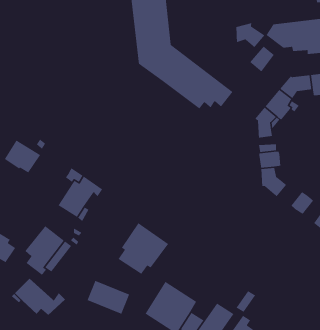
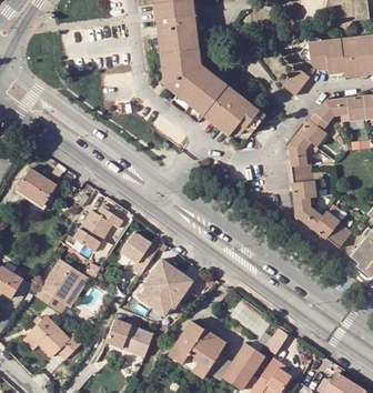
building: [236,22,266,48] -> none
building: none -> [311,206,341,240]
building: none -> [119,232,155,274]

